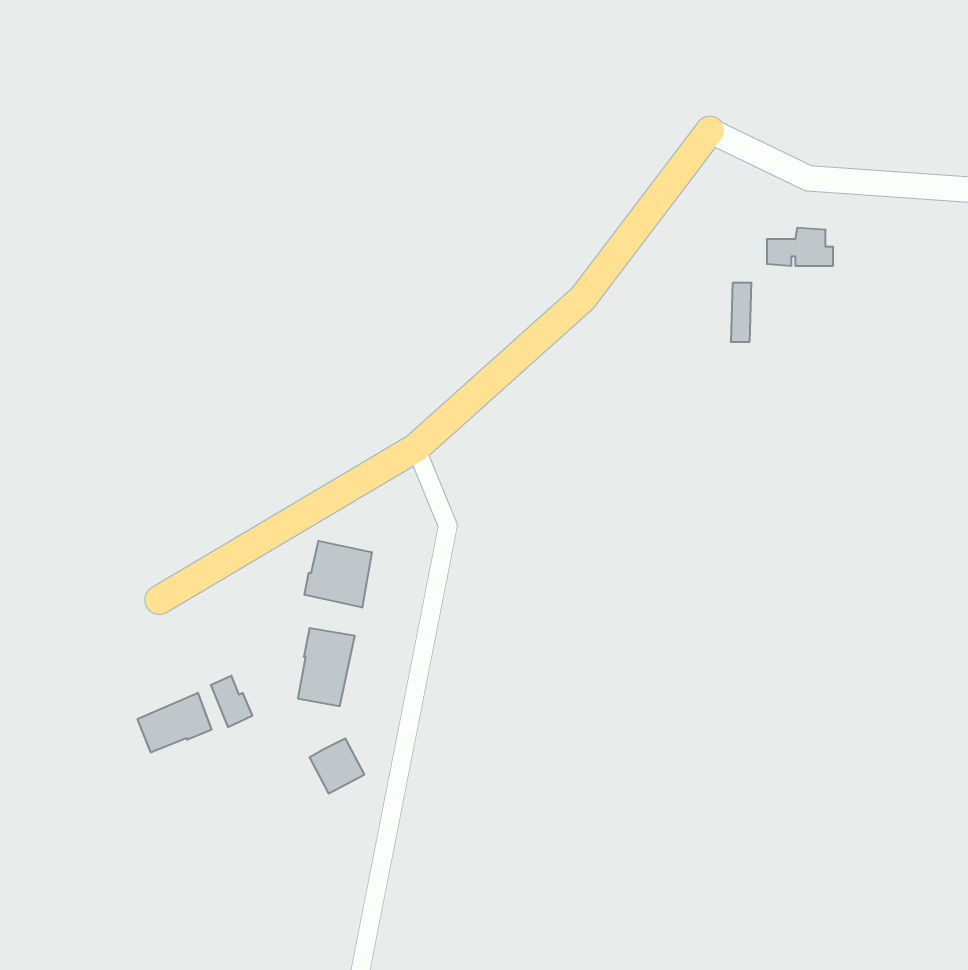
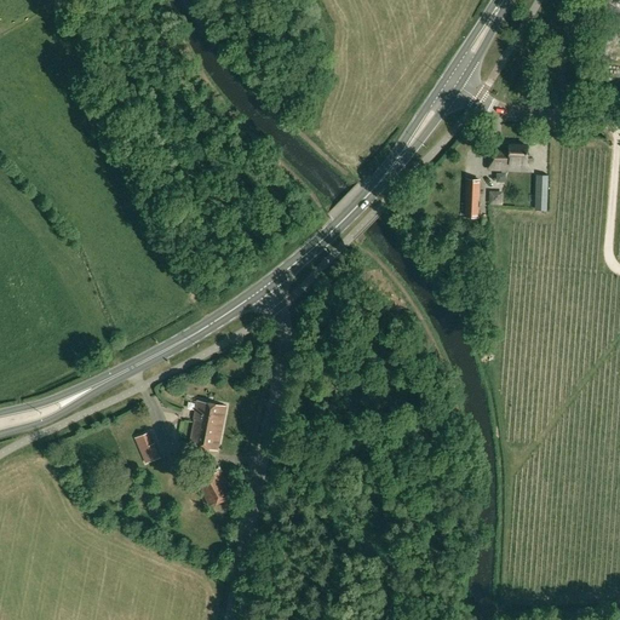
building: [304,541,372,608] -> none
building: [138,693,212,753] -> none

